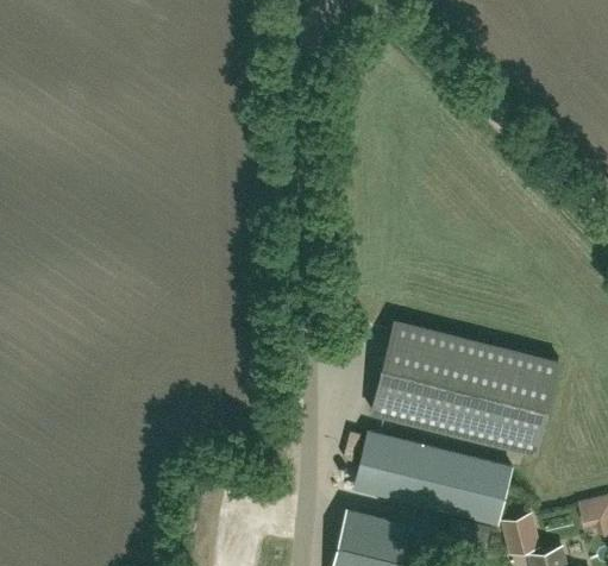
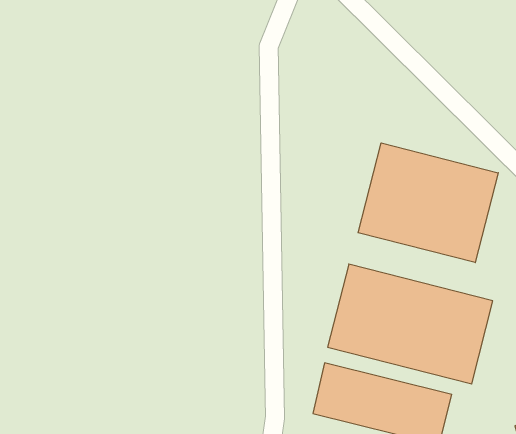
building: none -> [358,143,498,263]

